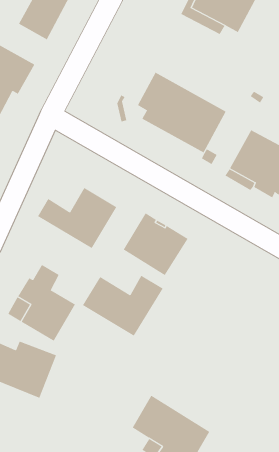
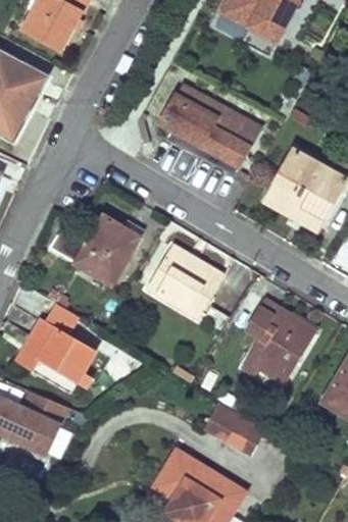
building: none -> [244,299,317,382]
building: [82,275,164,336] -> none
building: none -> [209,405,260,453]

